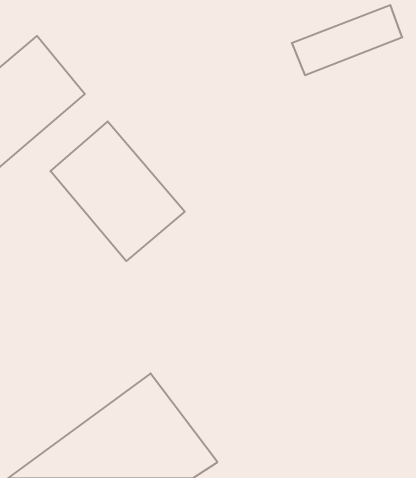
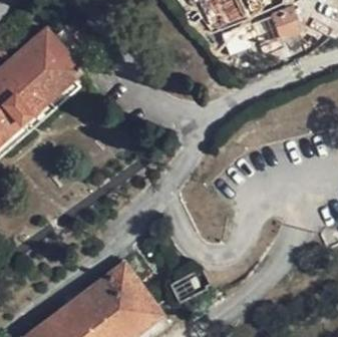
building: [50,121,185,261] -> none

